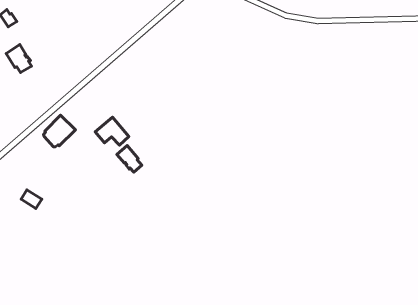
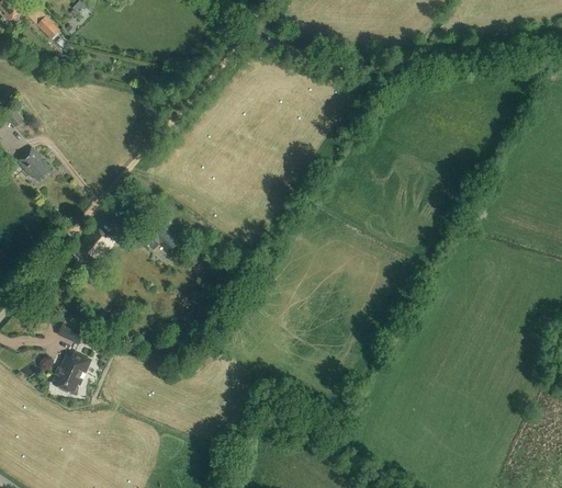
building: [117,146,142,172] -> none
building: none -> [53,353,91,395]

